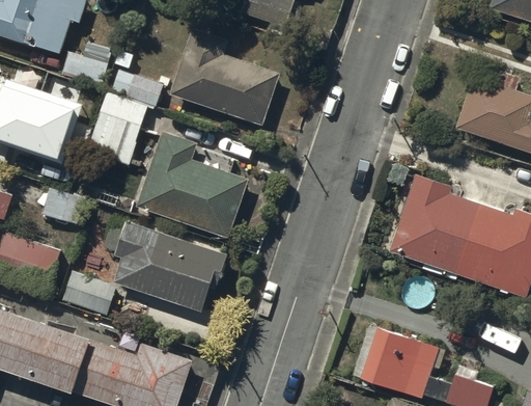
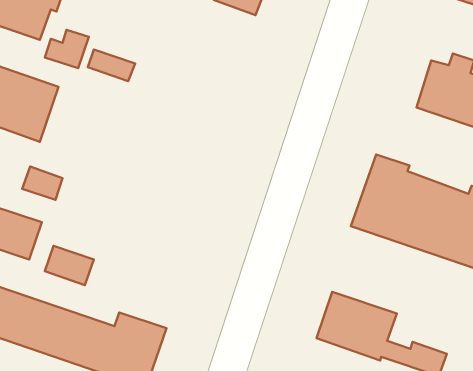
building: [176,30,279,120] -> none
building: [88,89,146,159] -> none
building: [139,134,248,237] -> none
building: [107,221,227,307] -> none

